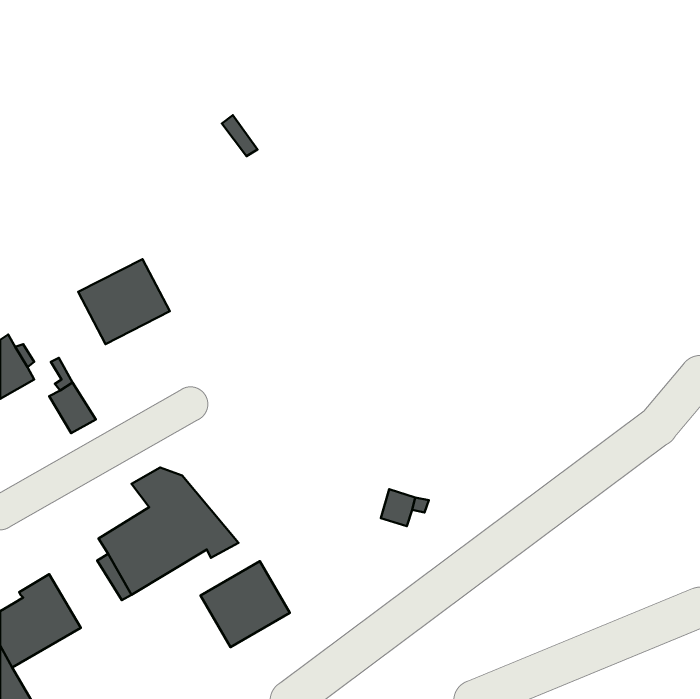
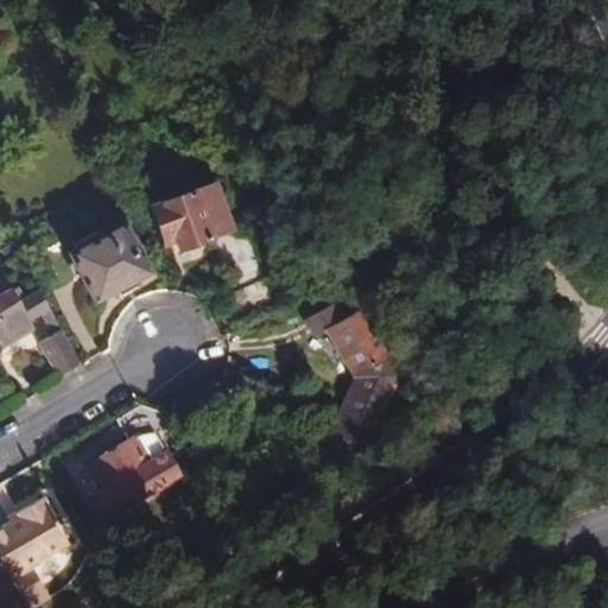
building: none -> [151,183,233,252]
building: none -> [304,304,400,433]
building: [200,561,290,647] -> none

